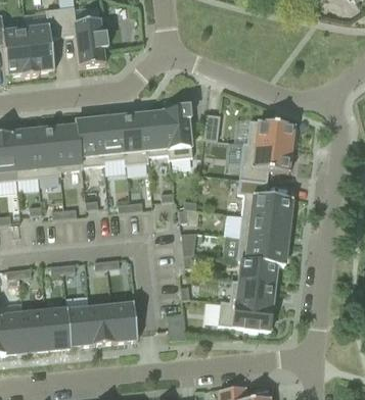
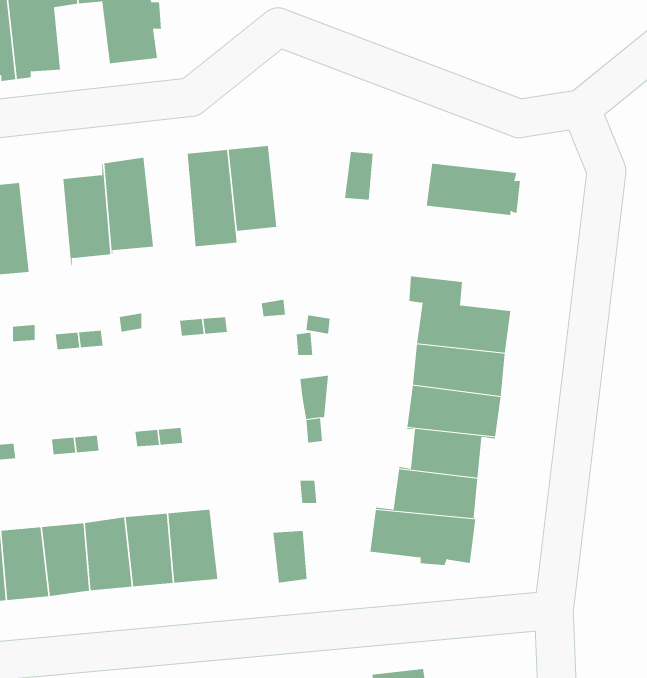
building: [164,105,192,158] -> none
building: [98,114,125,163] -> none
building: [33,128,59,177] -> none
building: [238,142,291,181] -> none

